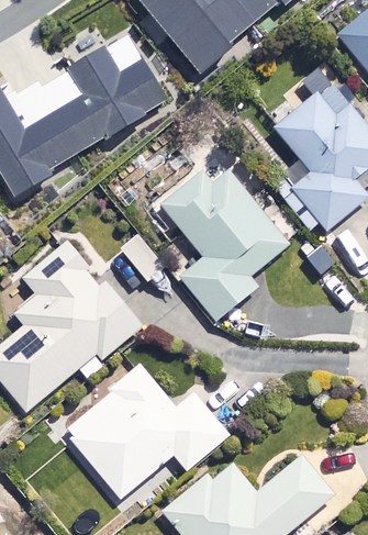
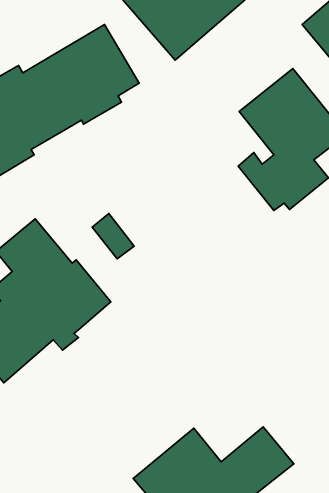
building: [161,160,287,320] -> none
building: [64,366,228,498] -> none

